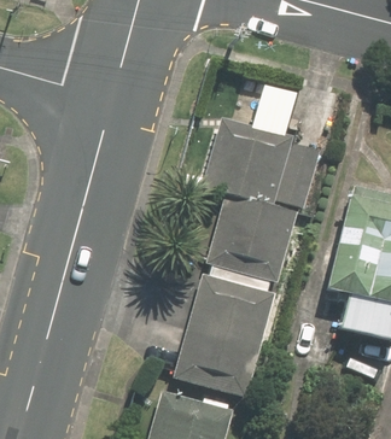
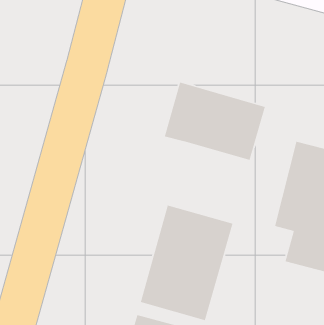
building: [202,189,298,283] -> none

